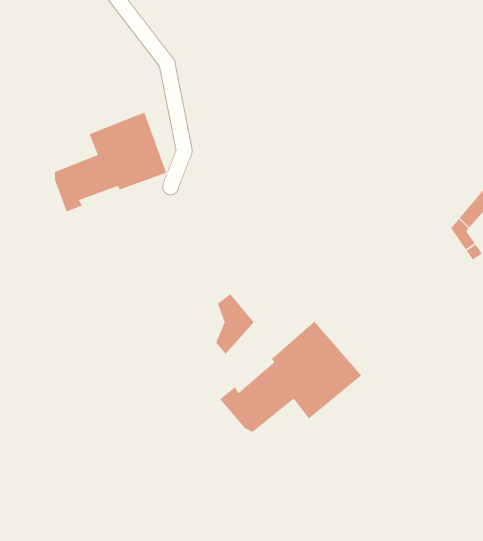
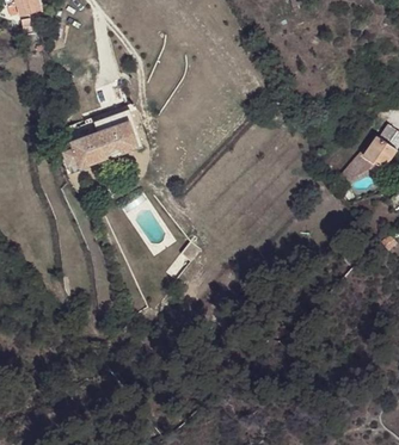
building: [219,321,362,433] -> none

